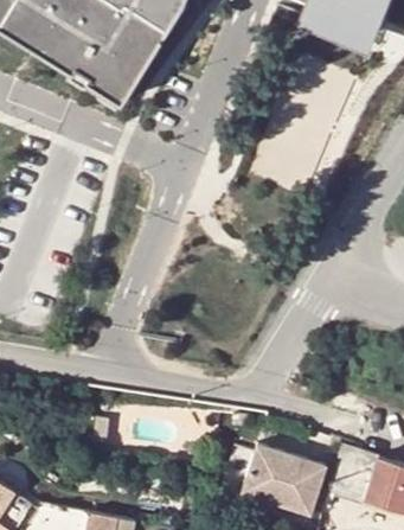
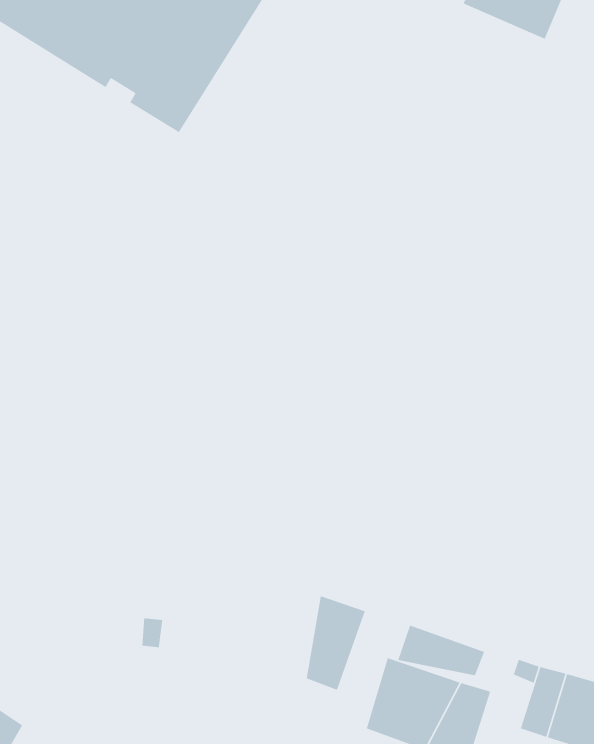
building: none -> [306,595,366,691]
building: none -> [397,625,485,676]

